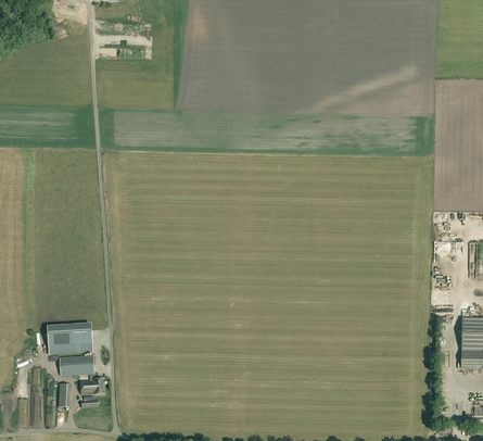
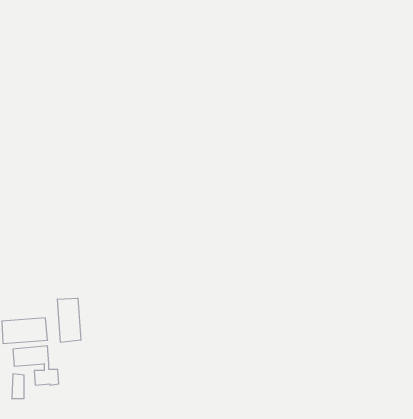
building: none -> [57,298,81,342]

